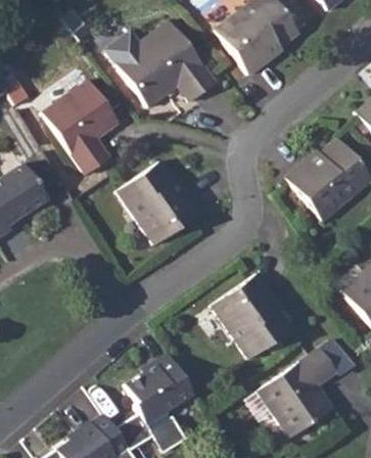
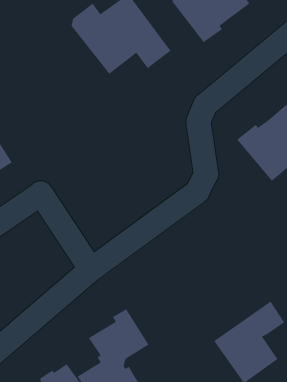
building: [43,80,117,174] -> none
building: [119,161,202,244] -> none
building: [211,273,291,358] -> none

